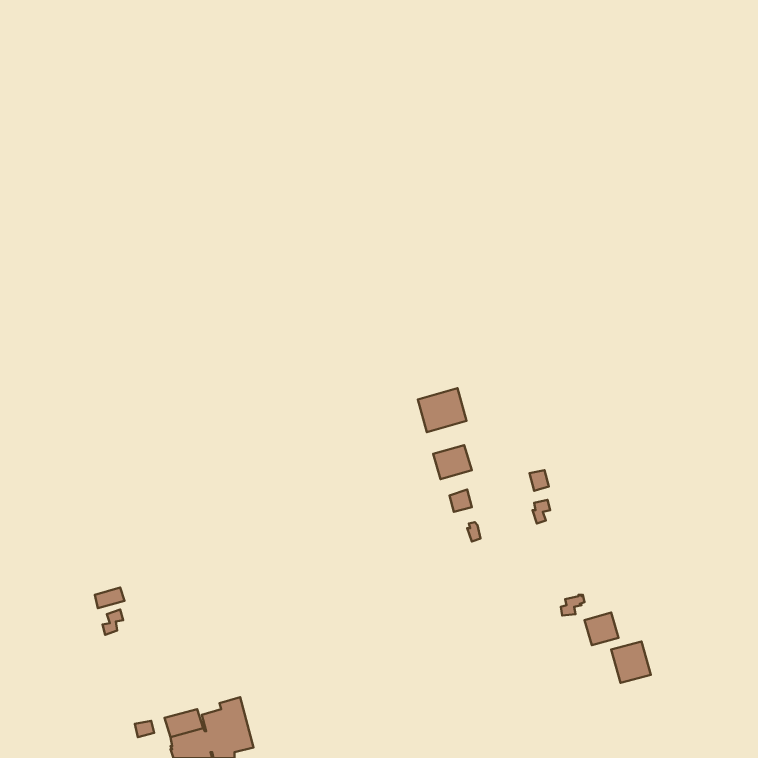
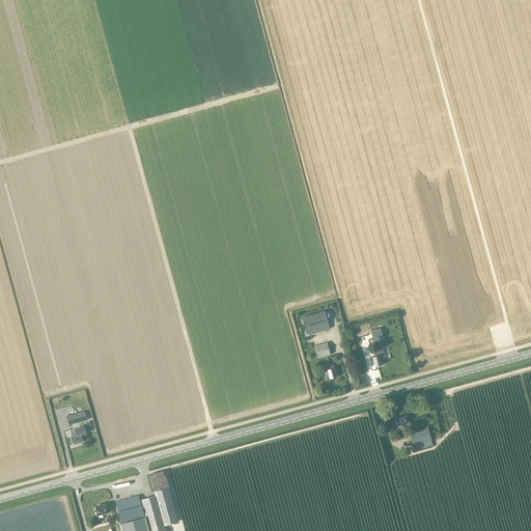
building: [418,388,466,432] -> none
building: [611,641,651,683] -> none

